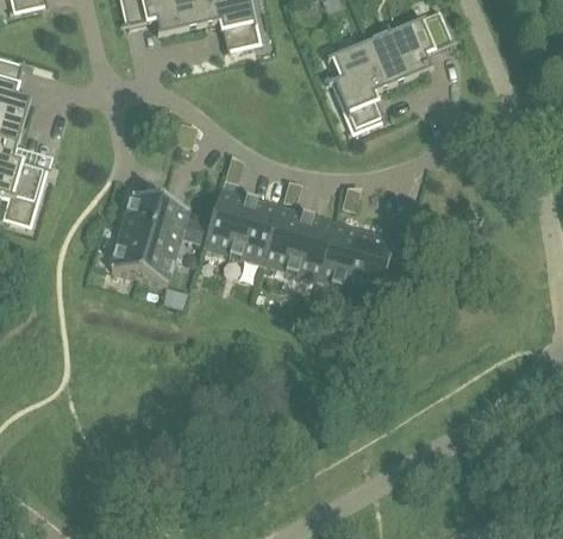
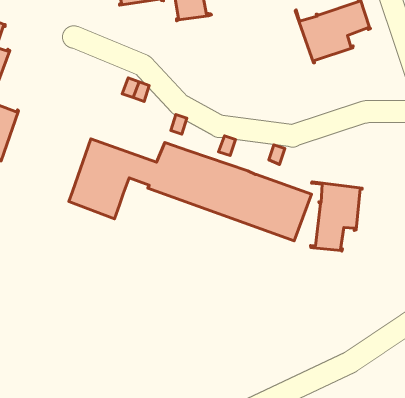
building: [326,27,387,132] -> none
building: none -> [310,182,362,251]

